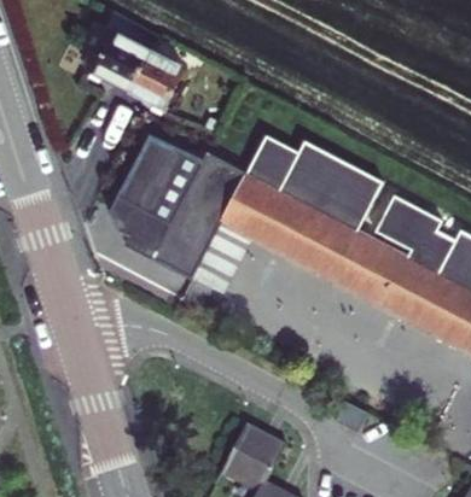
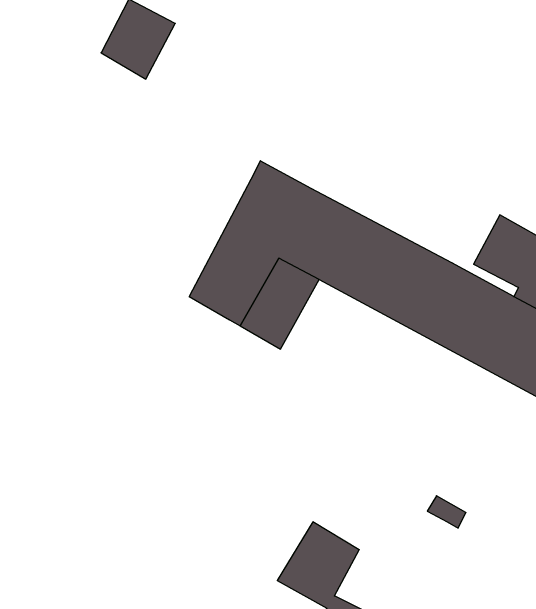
building: [121,39,179,101] -> none
building: [101,123,205,275] -> none
building: [250,130,386,226] -> none

